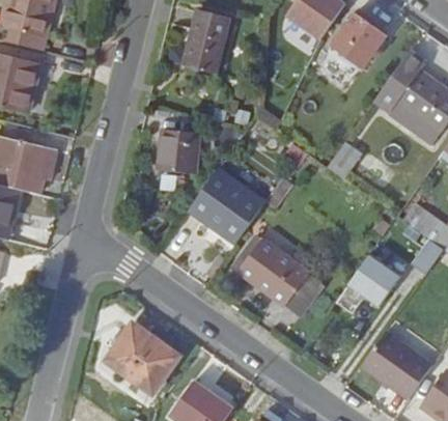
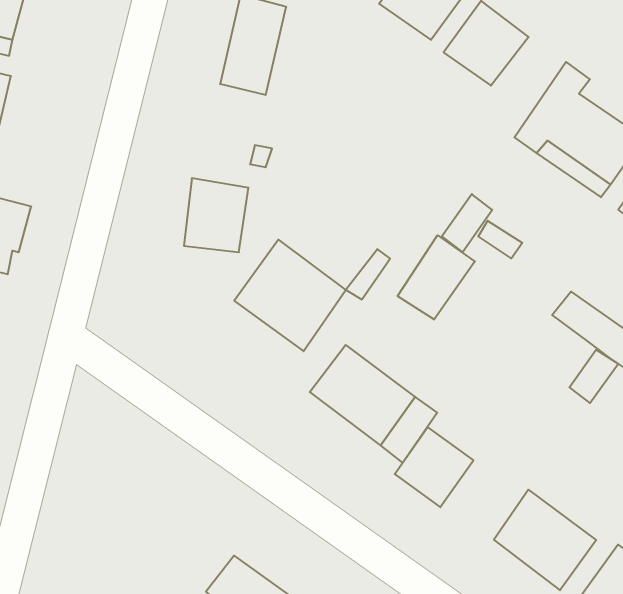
building: none -> [398,235,475,320]
building: [347,254,399,307] -> [395,427,473,507]
building: [103,322,177,394] -> none

